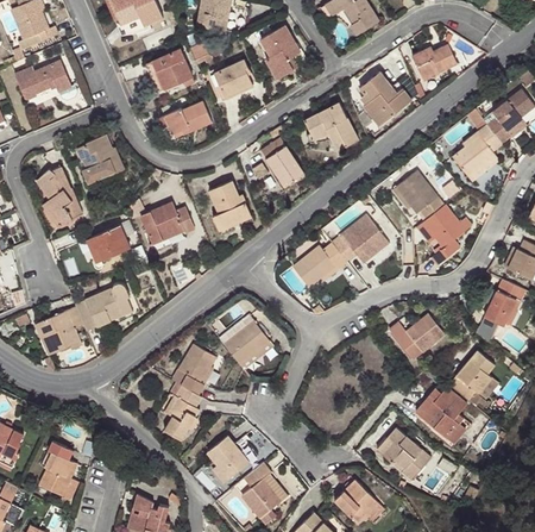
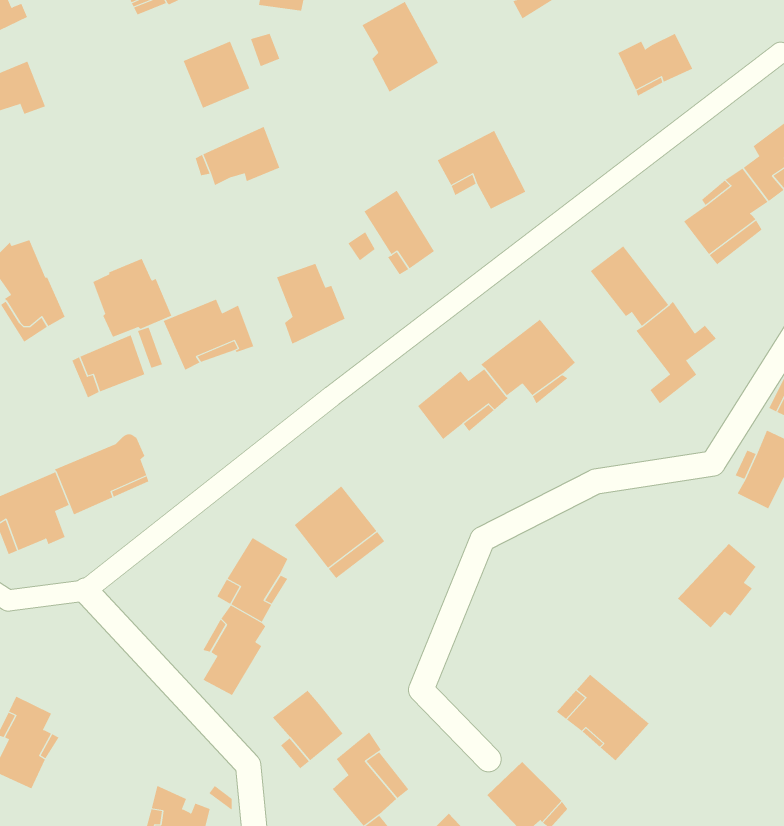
building: [213,58,252,95] -> none
building: [359,71,411,125] -> none
building: [77,134,125,182] -> [93,258,172,338]
building: [391,314,445,359] -> none
building: [416,387,466,437] -> none

